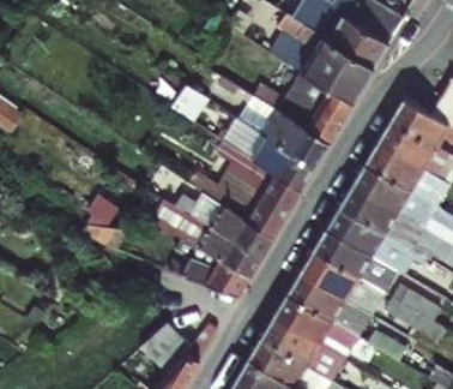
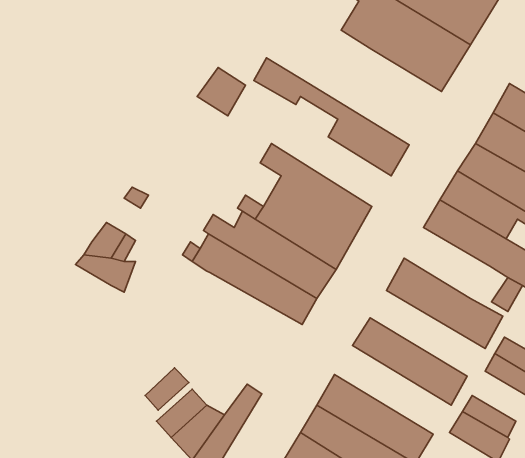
building: [256,72,355,143] -> none
building: [226,118,318,188] -> none
building: [327,204,391,257] -> none
building: [171,238,252,297] -> none
building: [302,251,387,315] -> none
building: [276,292,362,358] -> none

